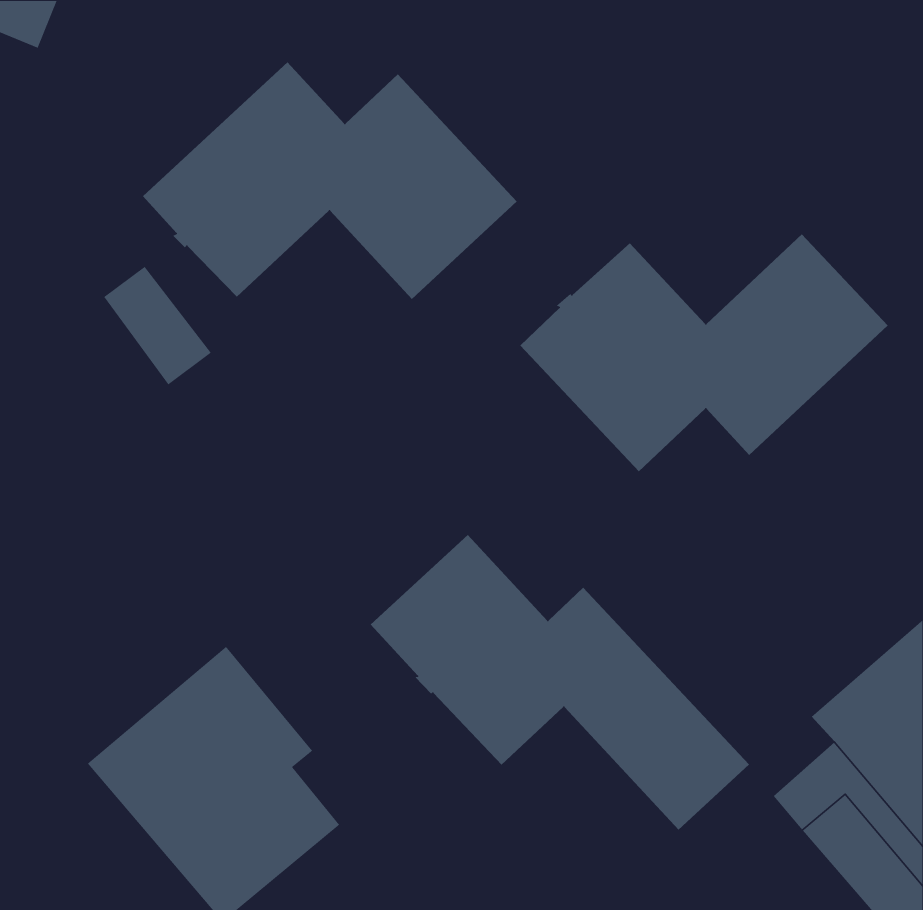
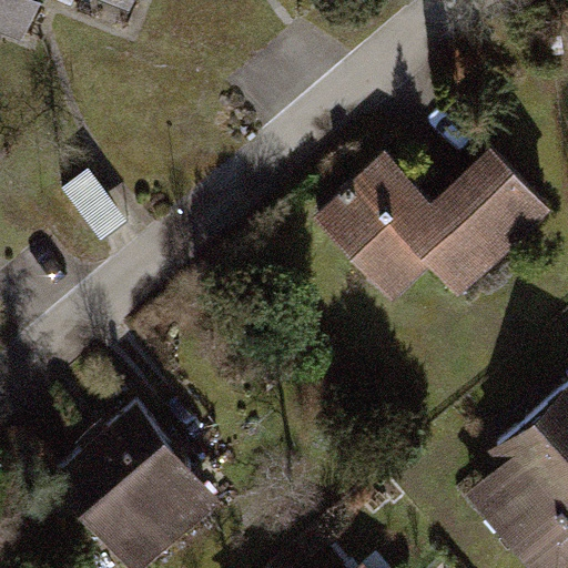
building: [142,61,517,300] -> none
building: [370,534,750,830] -> none

